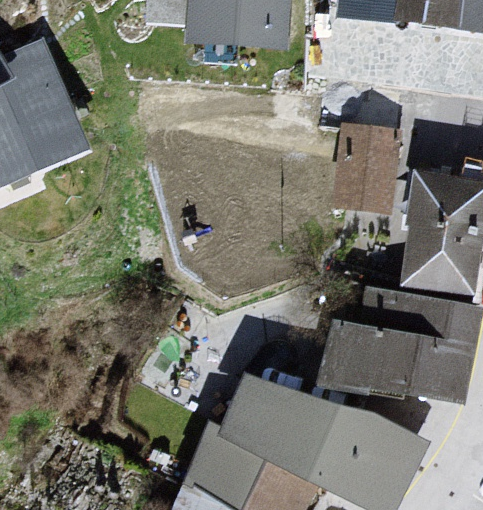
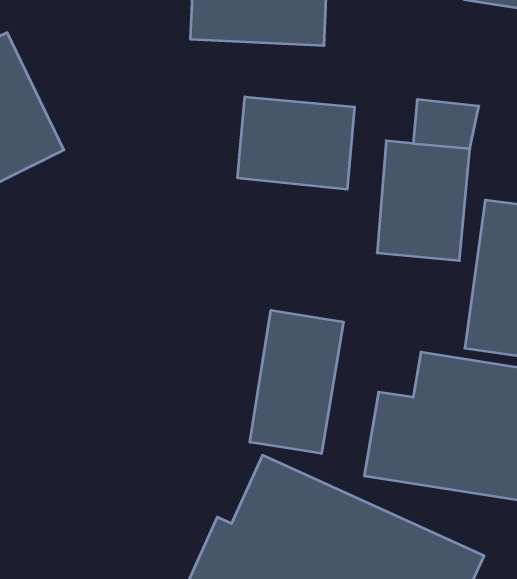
building: none -> [238,97,355,189]
building: none -> [250,310,344,454]

